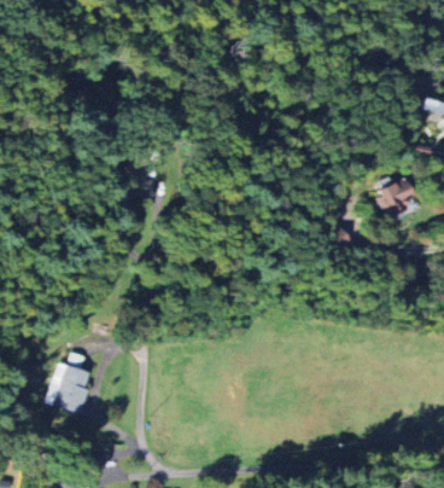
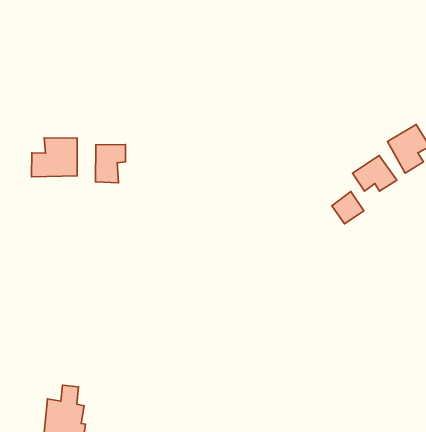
building: none -> [31,138,77,177]
building: none -> [353,155,397,191]

